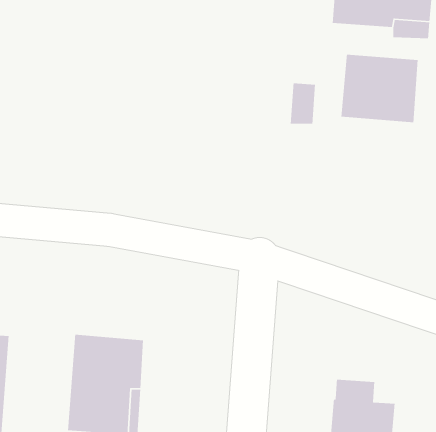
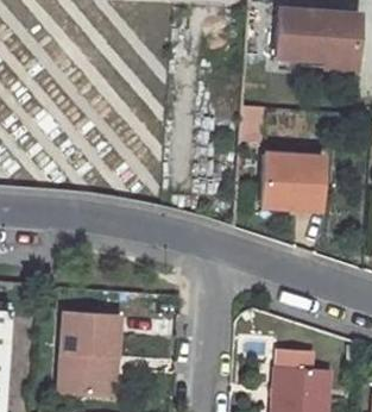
building: [340,54,418,123] -> [259,151,323,208]

